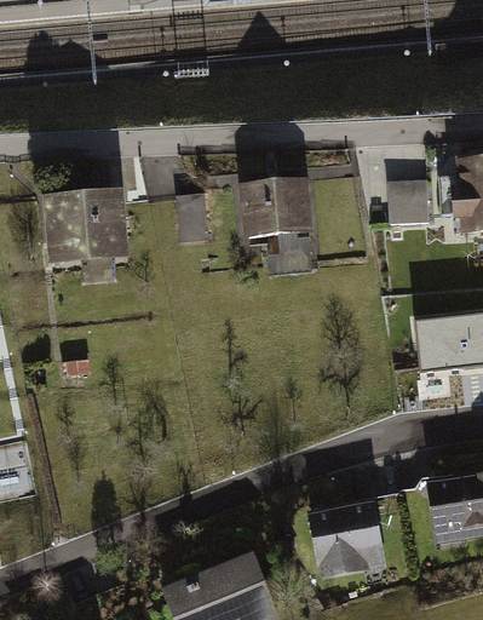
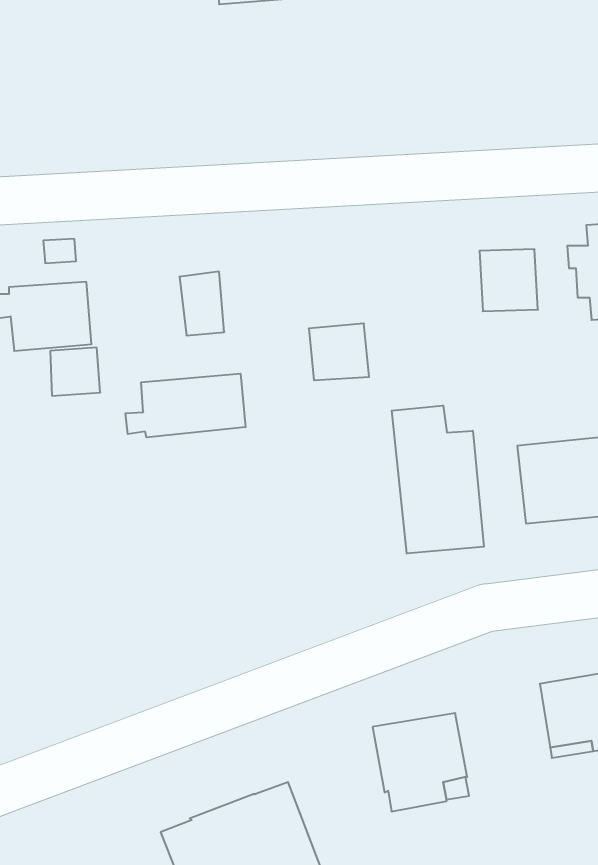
building: [245,178,306,235] -> none
building: none -> [125,374,245,437]
building: none -> [392,405,484,554]

